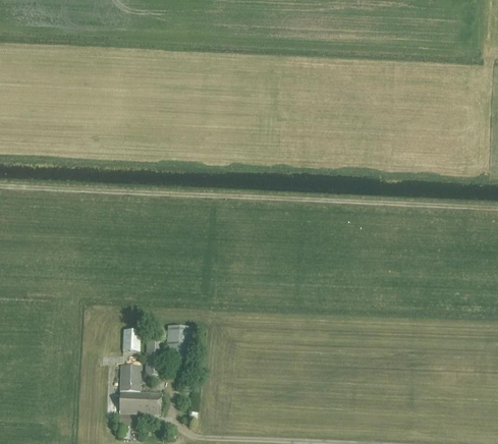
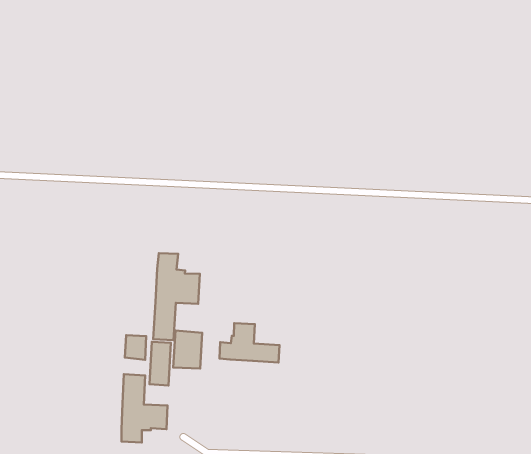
building: none -> [153,253,200,340]
building: none -> [219,323,279,363]

